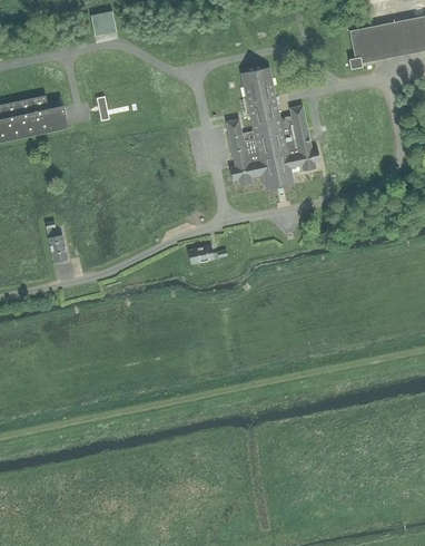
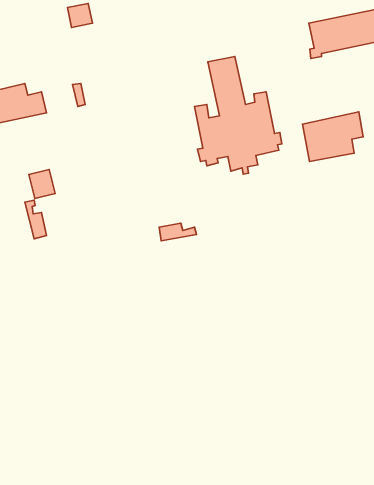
building: none -> [302,112,363,161]
building: none -> [29,169,55,198]

